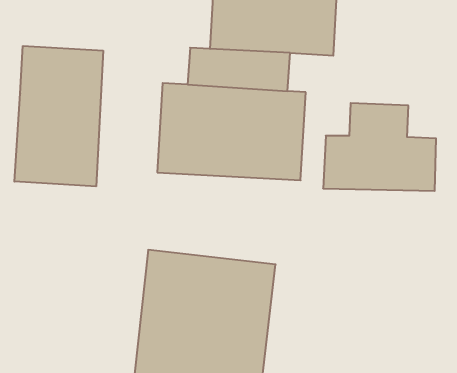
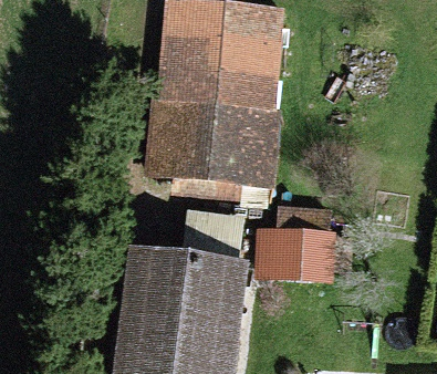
building: [14,46,103,186] -> none
building: [323,103,436,191] -> [250,214,345,288]

